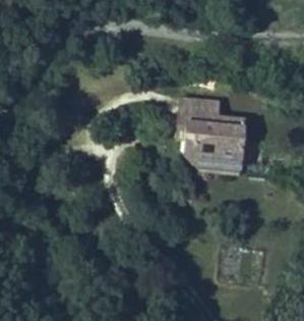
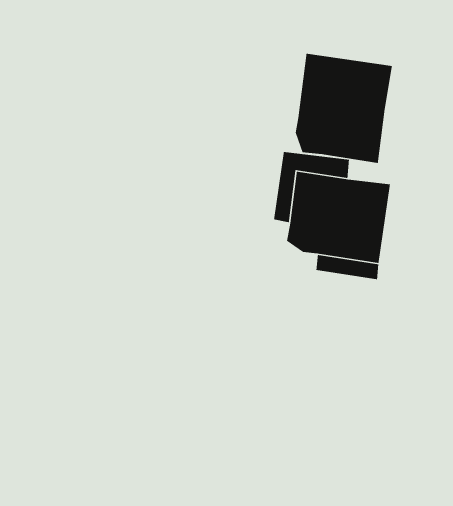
building: none -> [295,53,393,164]

